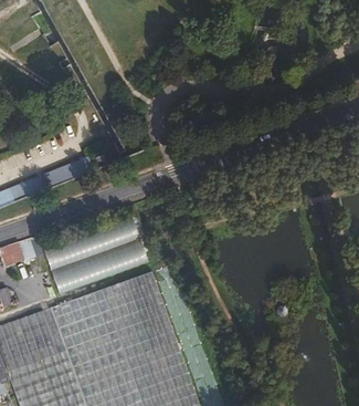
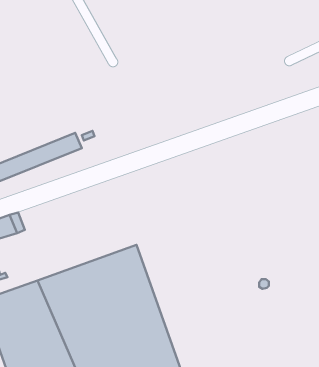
building: [45,217,150,290] -> none

